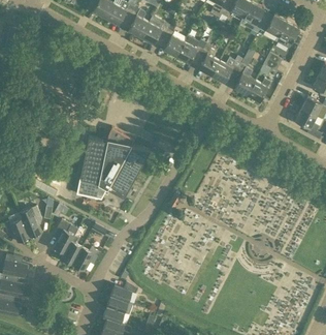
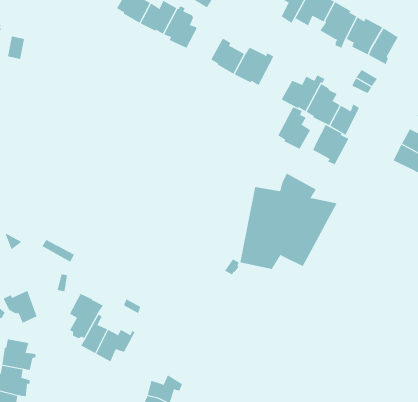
building: [140,17,170,45] -> none
building: [194,43,219,75] -> [278,107,311,149]
building: none -> [312,124,349,165]
building: [76,127,150,200] -> [239,173,338,270]
building: [19,207,41,238] -> none

